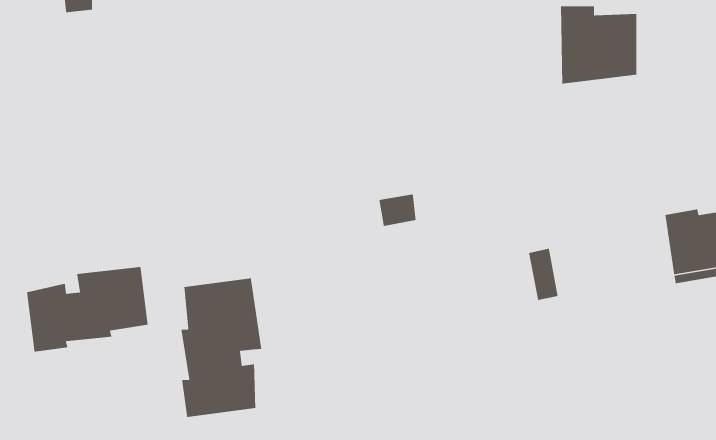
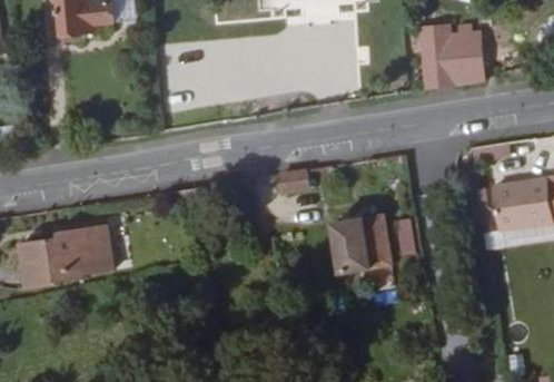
building: none -> [332,217,396,281]
building: [180,277,262,418] -> none

